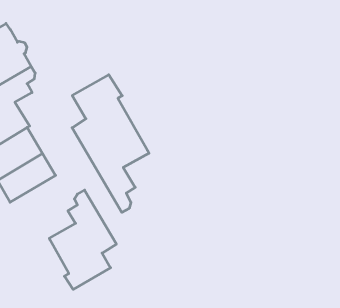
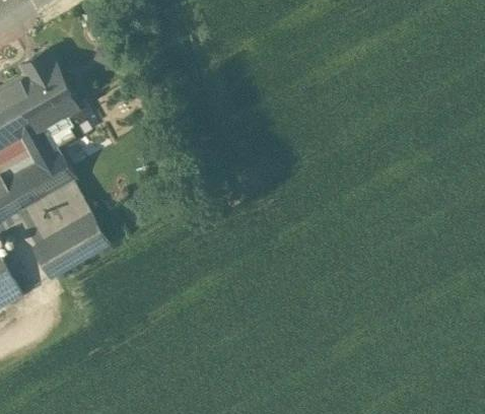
building: [72,75,149,212] -> none
building: [49,190,116,289] -> none

